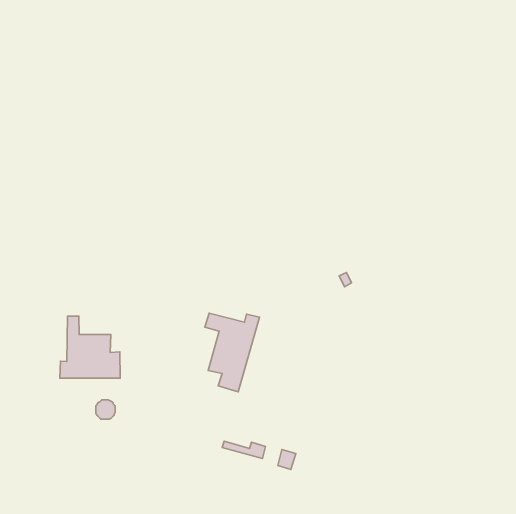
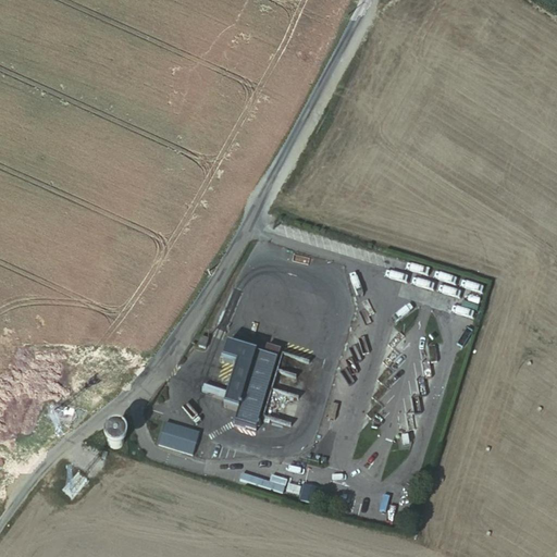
building: [60,316,120,378] -> none
building: none -> [160,419,200,449]

